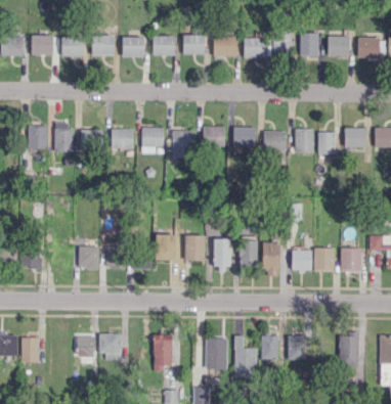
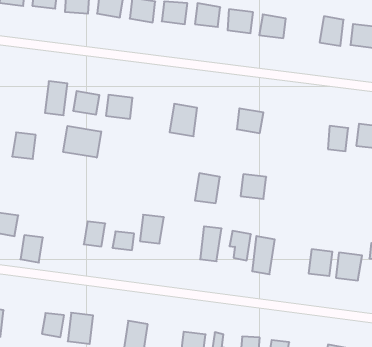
building: [272,34,293,55] -> none
building: [28,127,47,149] -> [12,132,36,159]
building: [204,127,225,146] -> none
building: [142,128,164,154] -> none
building: [295,130,314,153] -> none
building: [264,131,286,151] -> [241,174,266,199]
building: none -> [63,126,101,158]
building: [185,235,206,261] -> [195,173,220,203]
building: [81,246,99,270] -> [20,235,43,263]
building: [292,251,312,271] -> none

